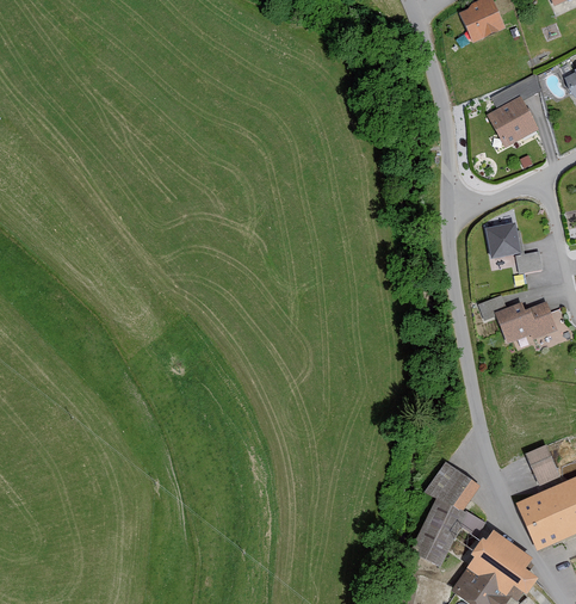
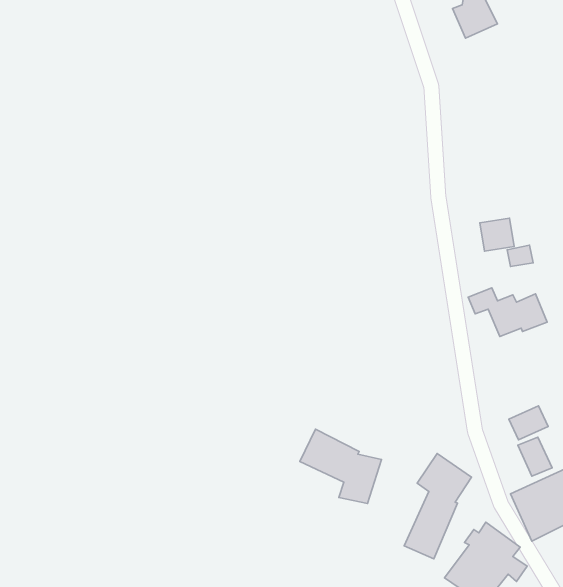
building: [487,74,539,146] -> none
building: none -> [509,406,548,440]
building: none -> [300,429,382,504]

